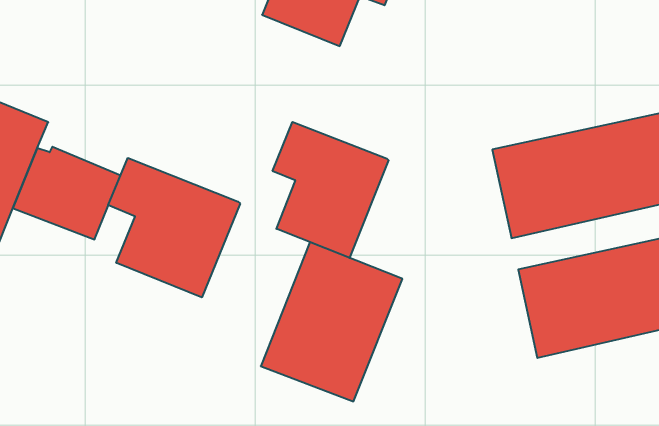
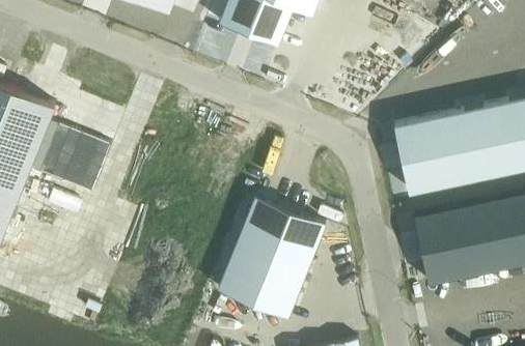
building: [273,122,389,258] -> none
building: [108,158,240,297] -> none

